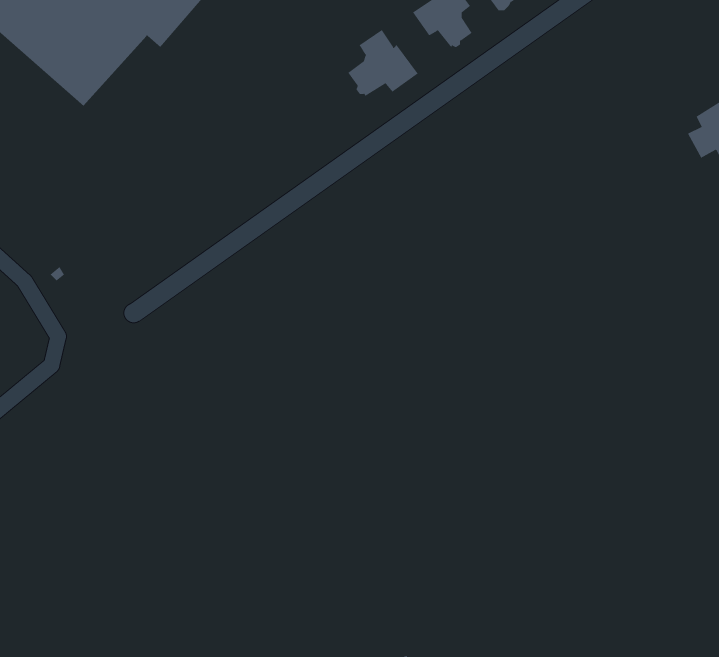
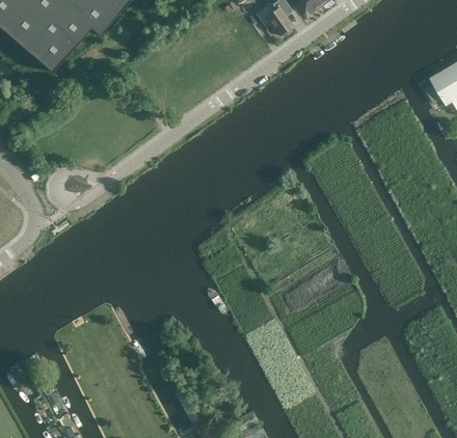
building: [348,29,419,97] -> none

